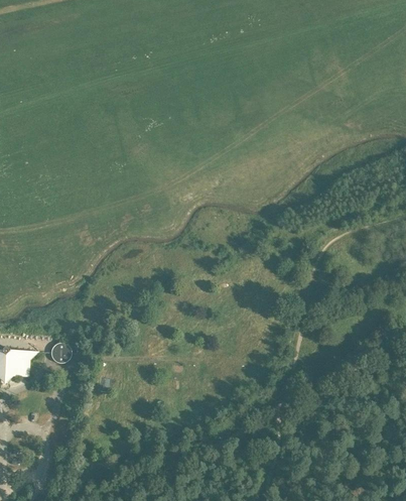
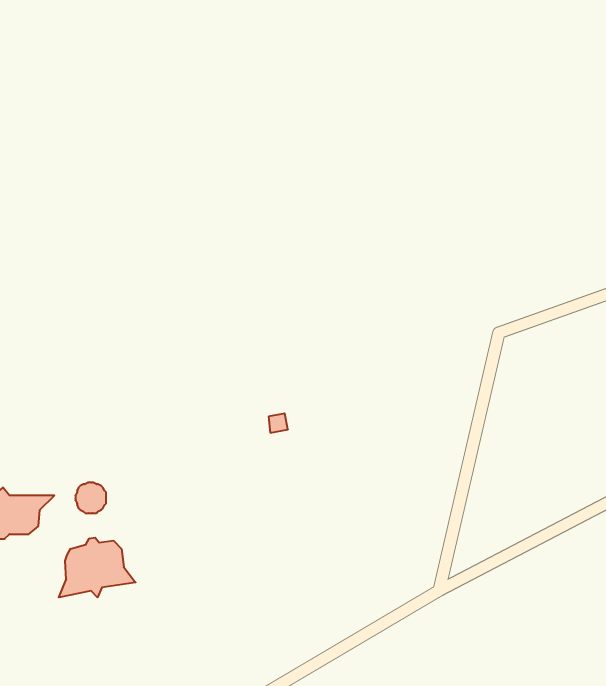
building: none -> [59,538,136,597]

